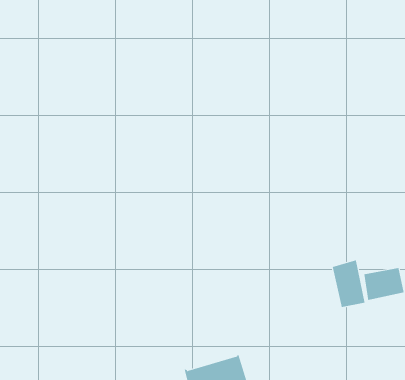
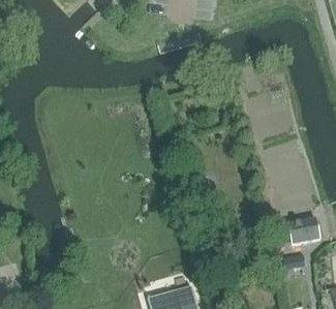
building: [332,260,365,308] -> none

